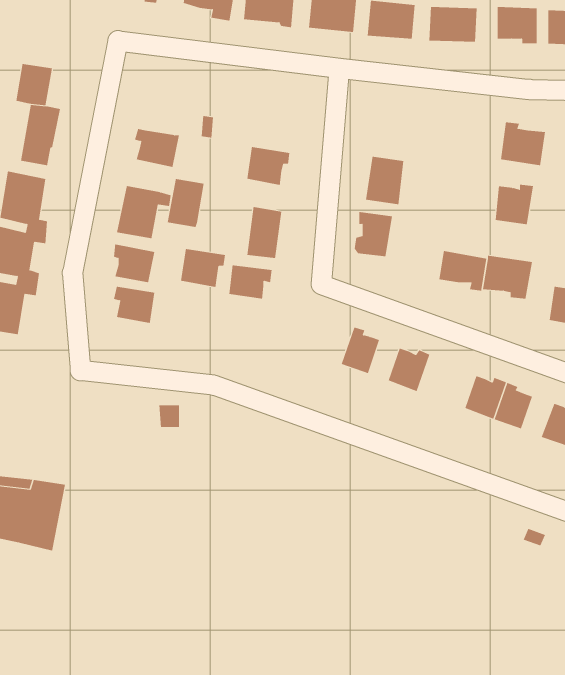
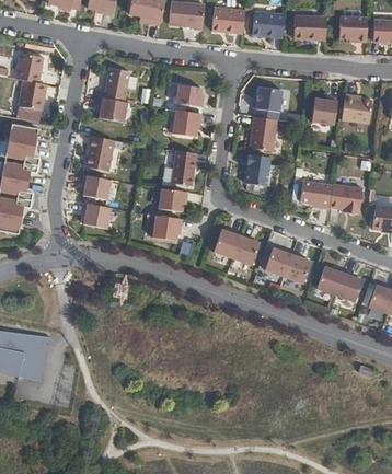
building: none -> [175,84,204,106]
building: none -> [255,84,281,119]
building: [167,179,204,227] -> [103,69,128,102]
building: [495,184,534,225] -> [312,96,338,124]
building: [180,248,226,287] -> [151,216,182,242]
building: none -> [215,226,243,256]
building: none -> [286,250,312,281]

